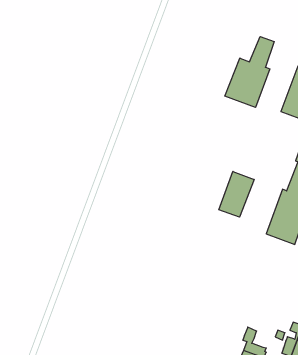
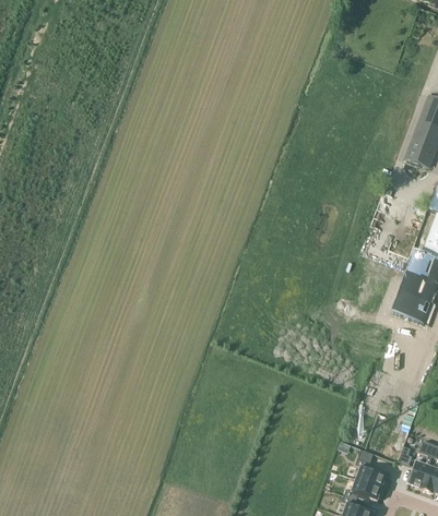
building: [225,37,274,107] -> none
building: [219,171,254,217] -> none

